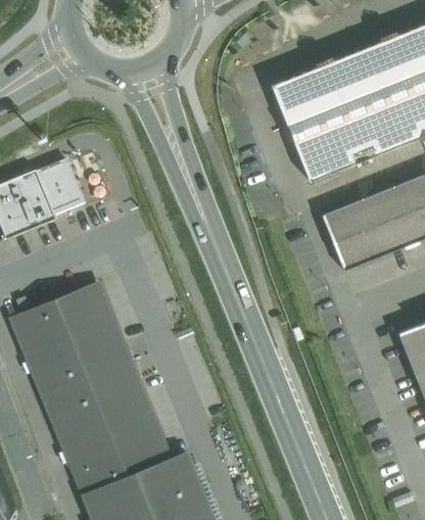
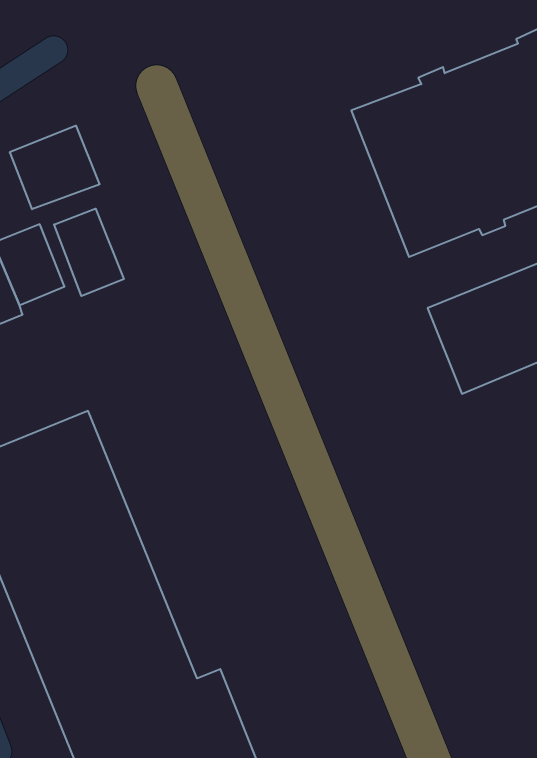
building: none -> [10,126,100,209]
building: none -> [54,209,124,296]

